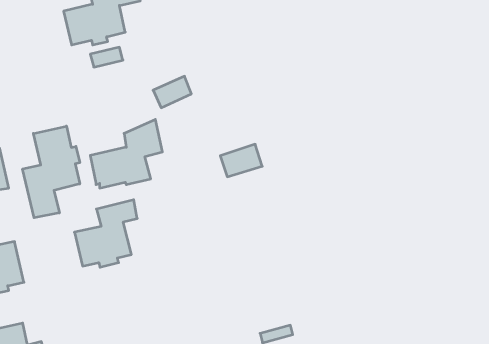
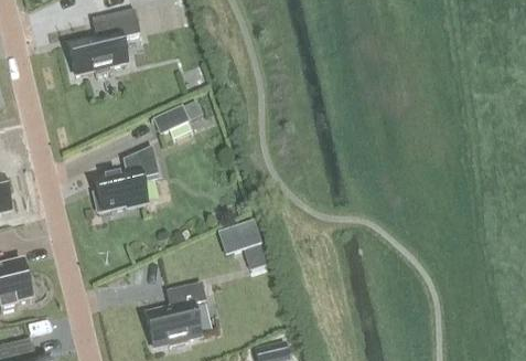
building: [23,126,80,218] -> none
building: [220,144,262,177] -> [218,222,258,253]
building: [74,200,137,267] -> [144,283,204,347]

